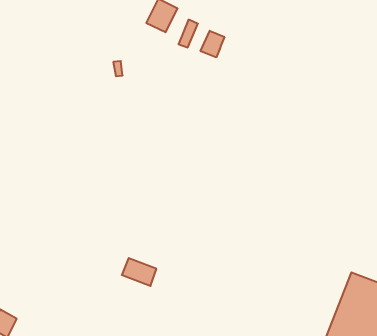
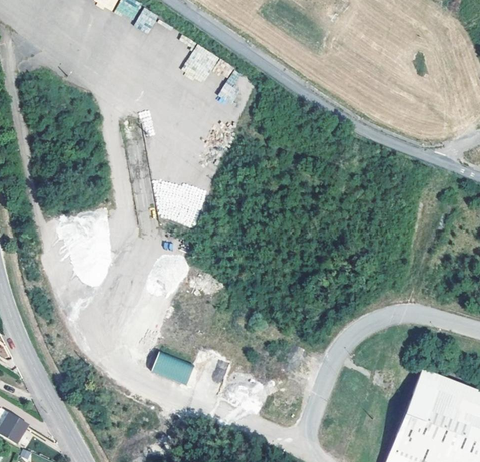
building: [201,31,224,57] -> none

